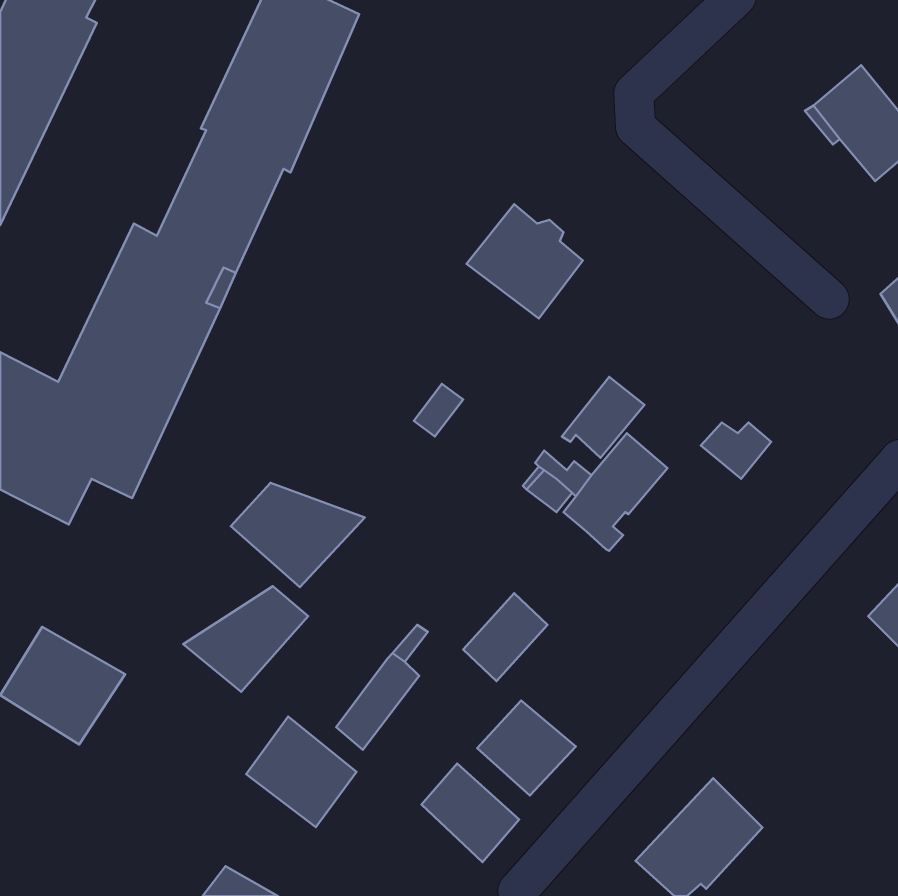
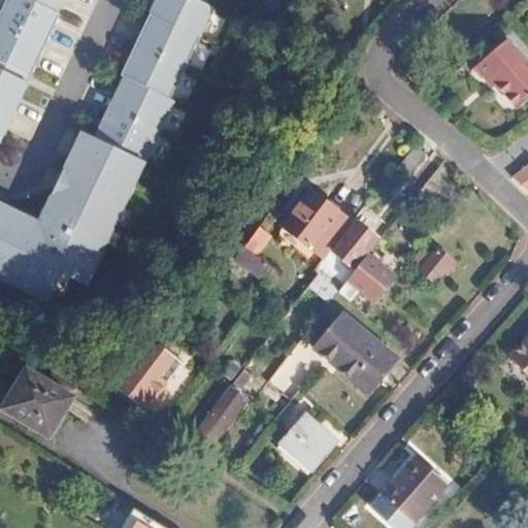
building: [467,204,583,319] -> [283,191,351,258]
building: [231,483,365,587] -> none
building: none -> [315,311,397,392]
building: [246,717,356,827] -> none
building: [422,763,519,862] -> none

